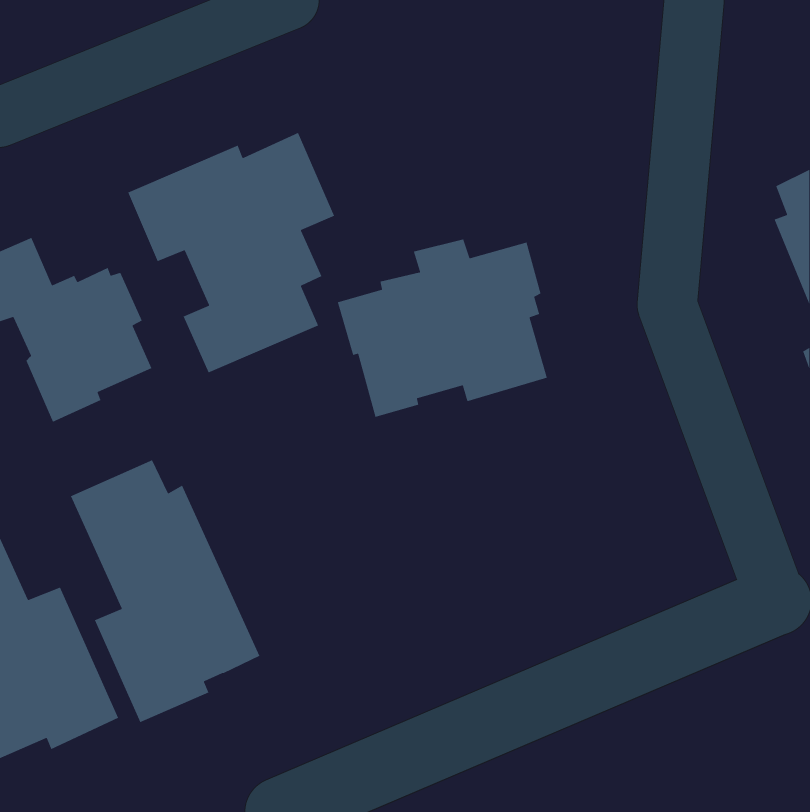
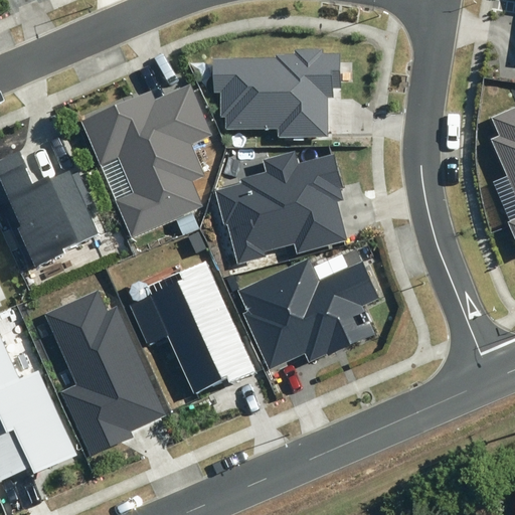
building: none -> [211,48,340,138]
building: none -> [238,260,377,370]
building: none -> [129,261,256,393]

